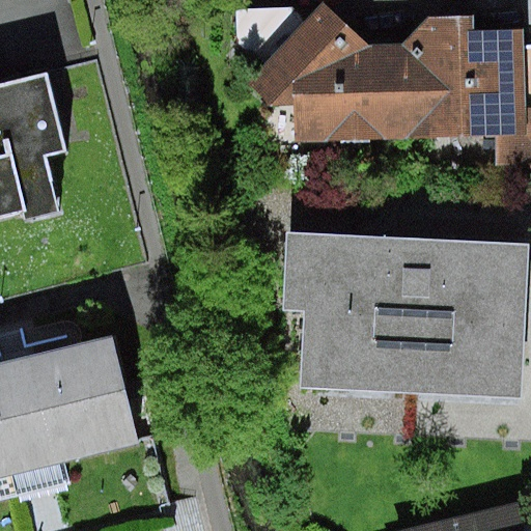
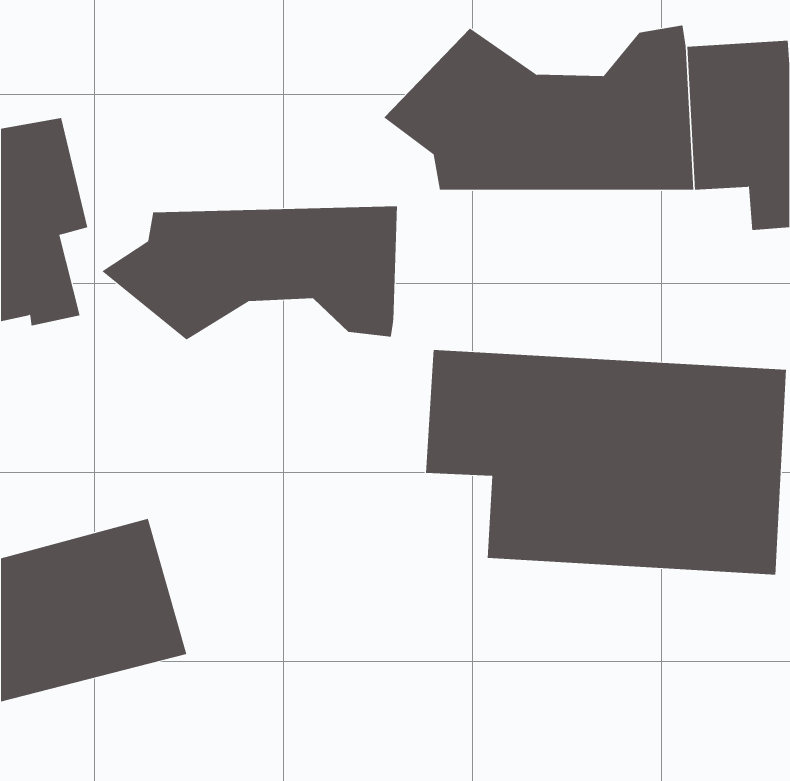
building: none -> [101,205,397,341]

